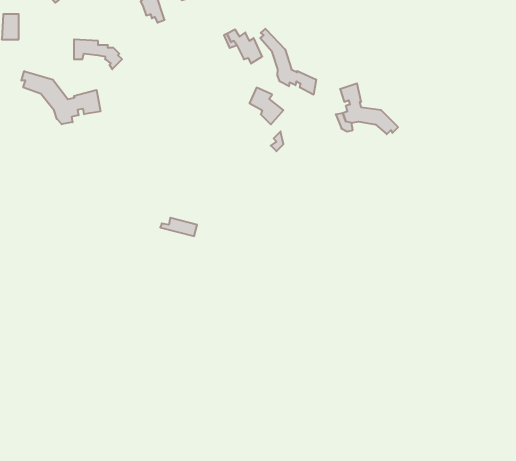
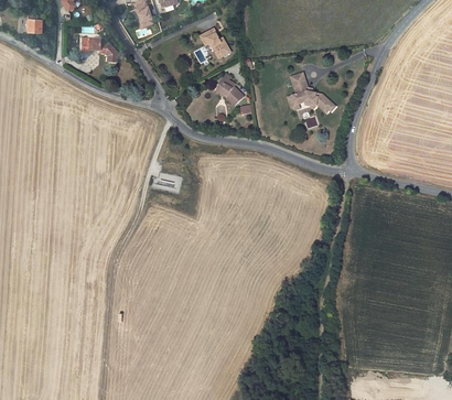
building: [260,29,316,95] -> none
building: [21,71,100,124] -> none

